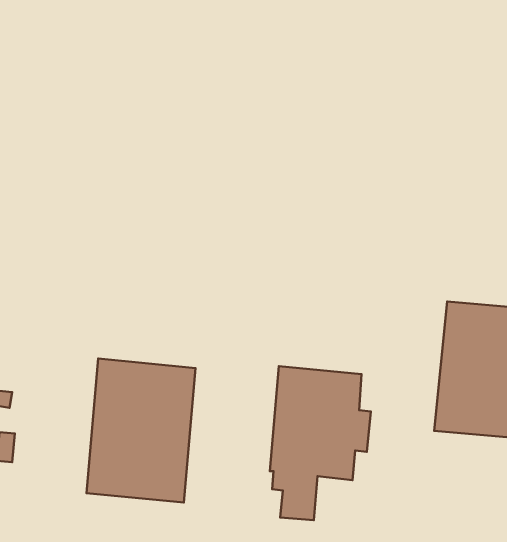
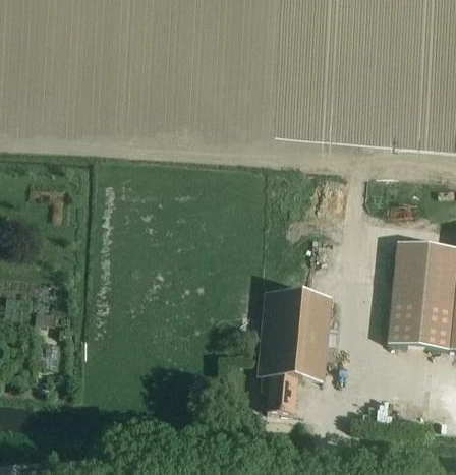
building: [86,359,195,503] -> none

